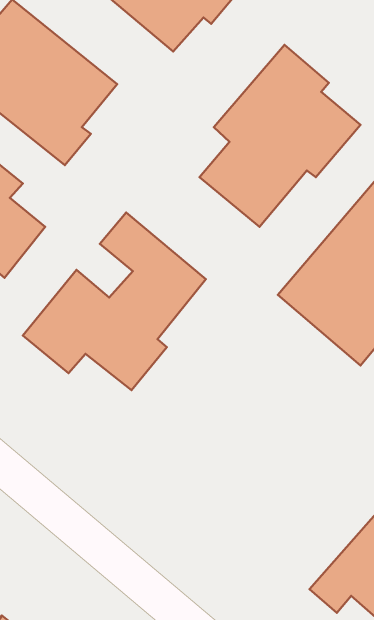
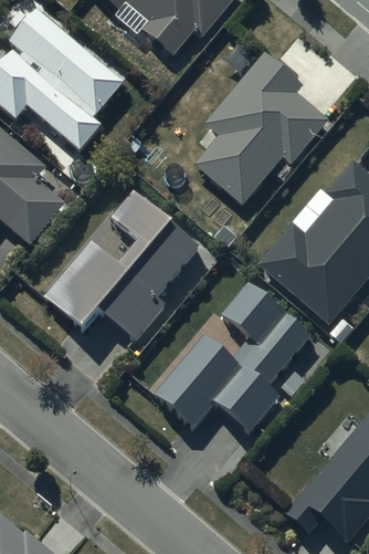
building: none -> [155,283,310,432]

